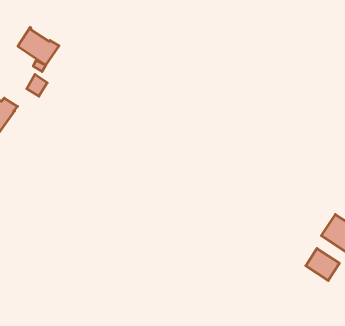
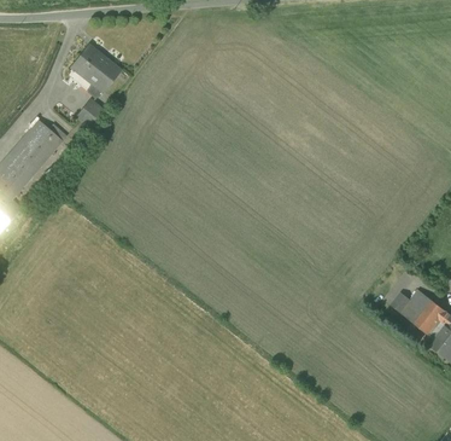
building: [306,248,339,281] -> none

